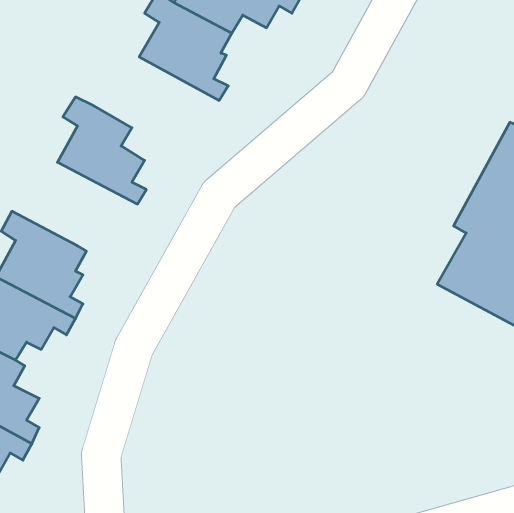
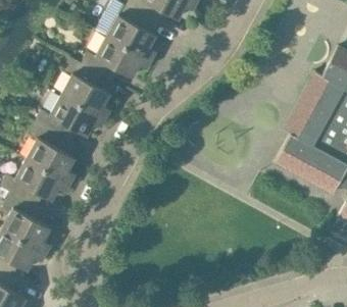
building: none -> [81,36,151,82]
building: none -> [35,95,105,142]

